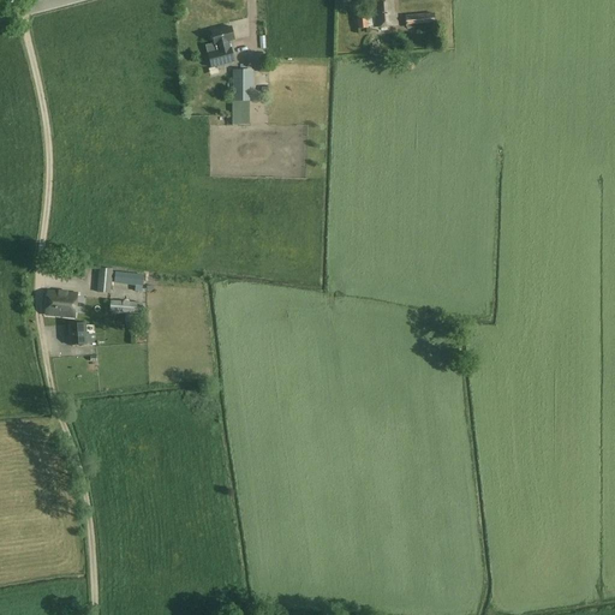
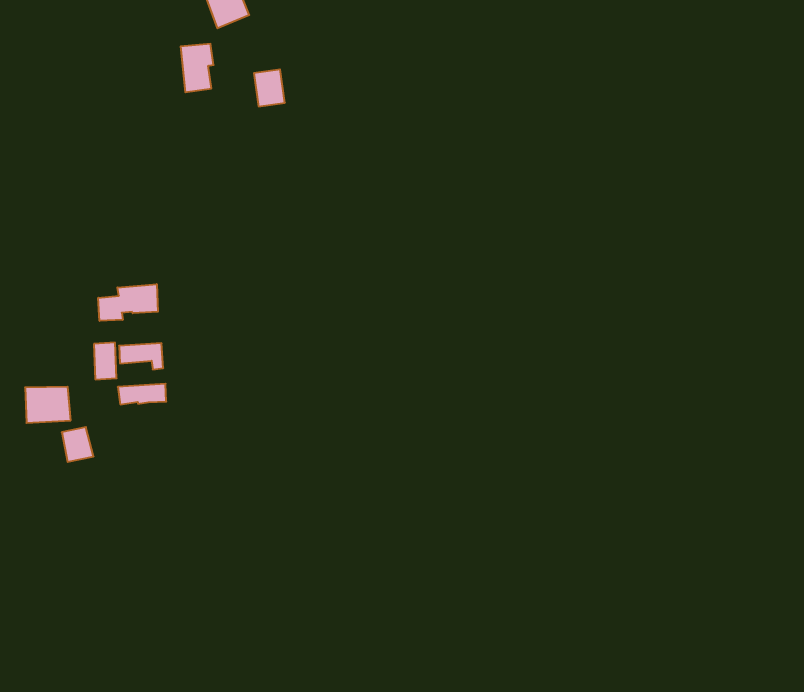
building: [232,70,253,101] -> [181,44,214,92]
building: none -> [98,284,158,321]

